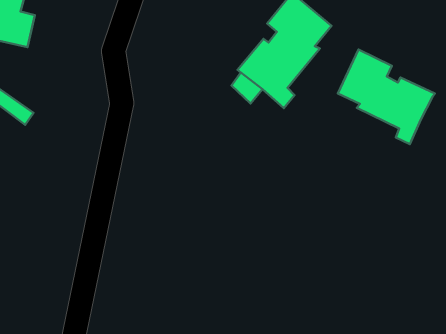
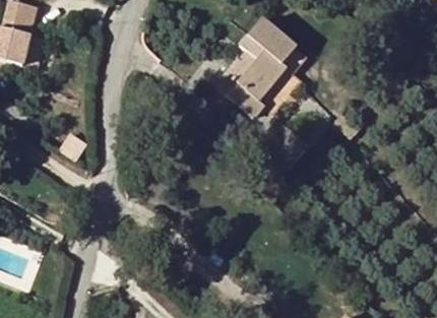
building: [338,49,435,144] -> none

